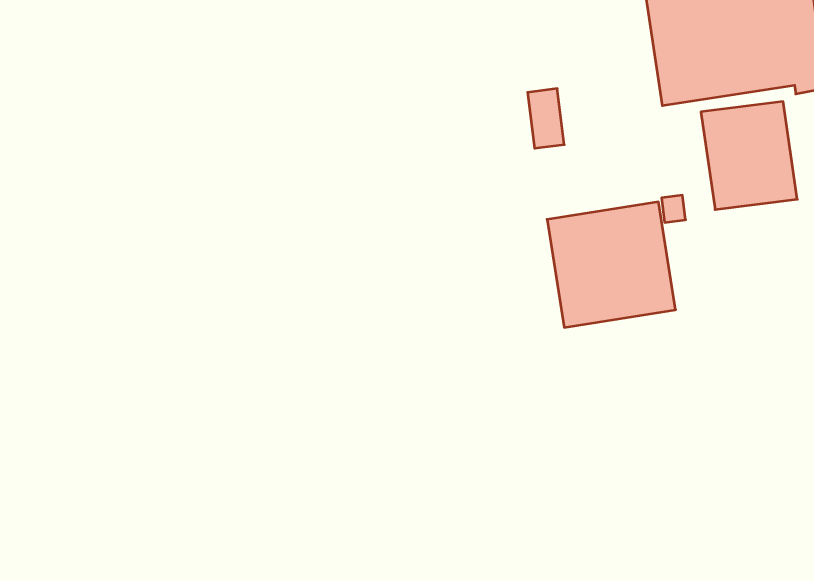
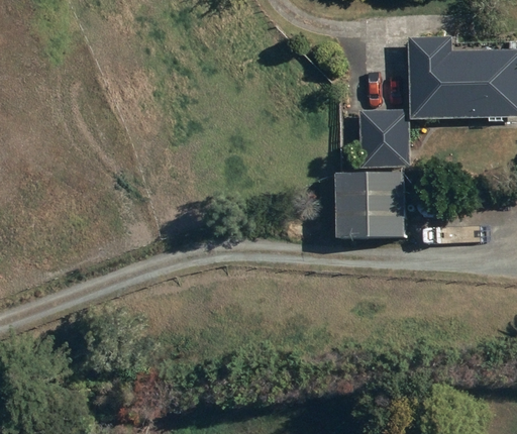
building: [701,102,797,210] -> [358,111,407,168]

